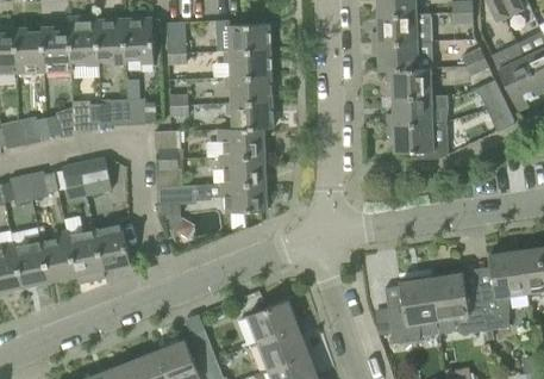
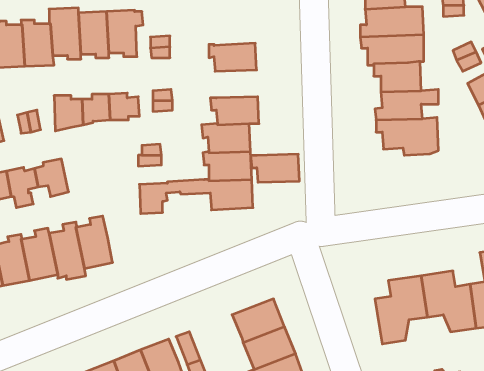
building: [215,20,269,52] -> none
building: [224,76,271,104] -> [251,154,299,182]
building: [80,159,111,195] -> none

